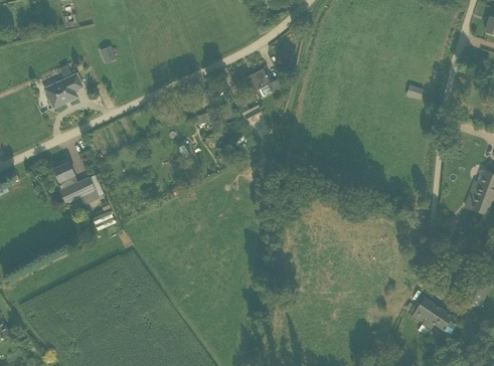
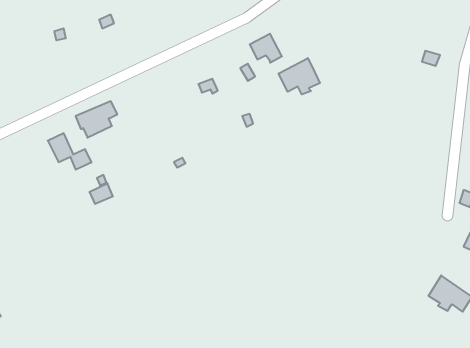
building: [43,74,83,109] -> [76,101,117,138]
building: none -> [279,58,320,94]

